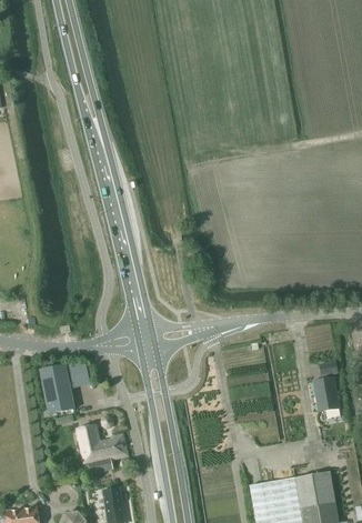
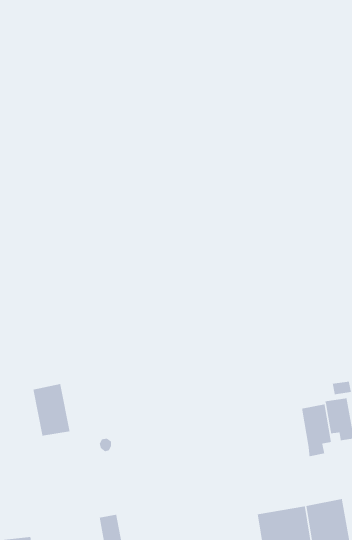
building: none -> [301,403,332,457]
building: [78,423,127,473] -> none

